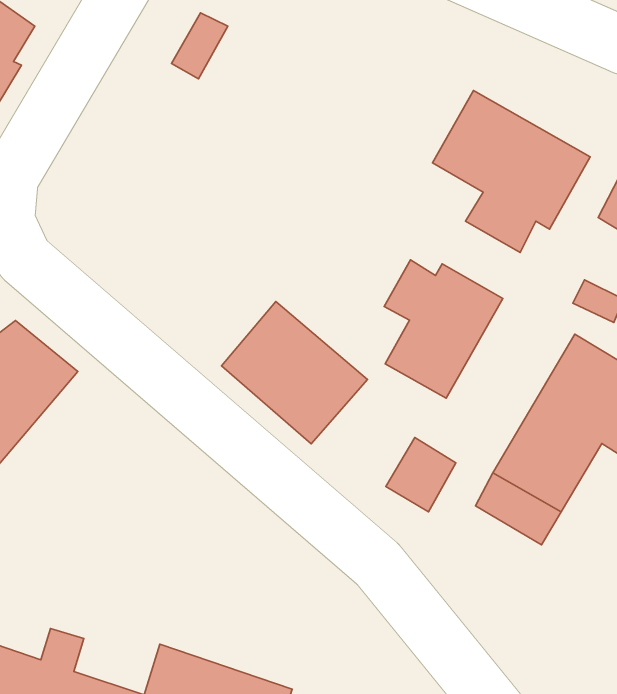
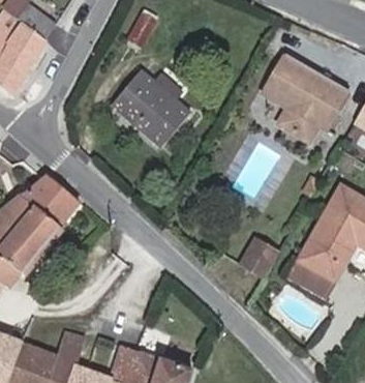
building: [384,260,503,398] -> none
building: [221,302,368,444] -> [113,70,190,146]

